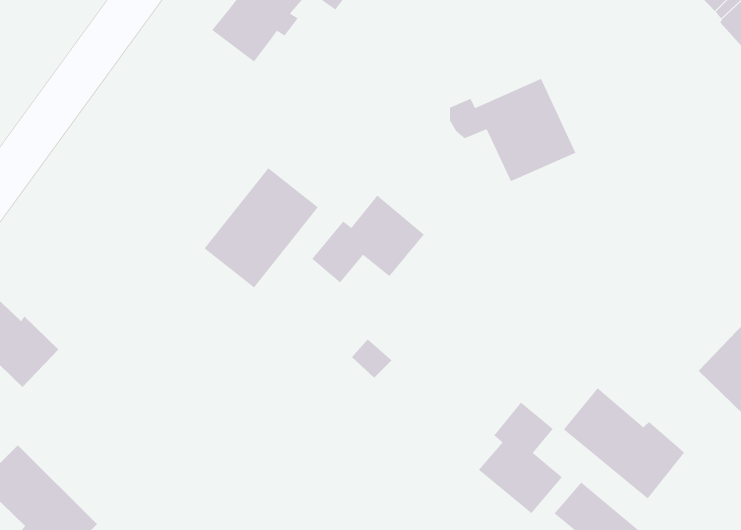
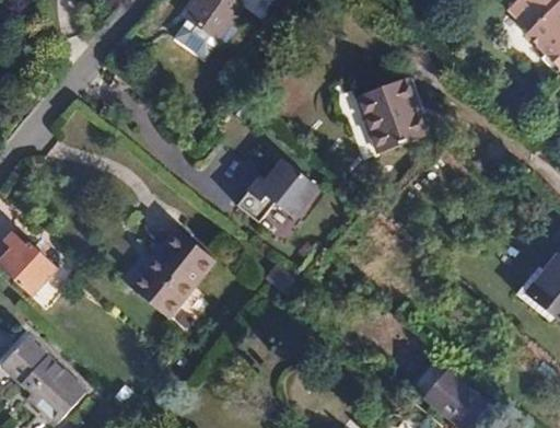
building: [204,167,319,288] -> [130,230,212,316]
building: [563,387,685,499] -> none
building: [478,402,563,514] -> none

